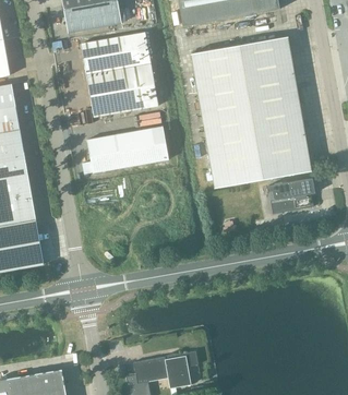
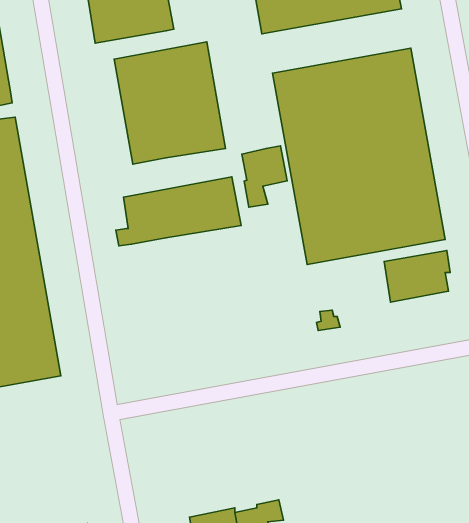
building: none -> [242,146,287,207]

